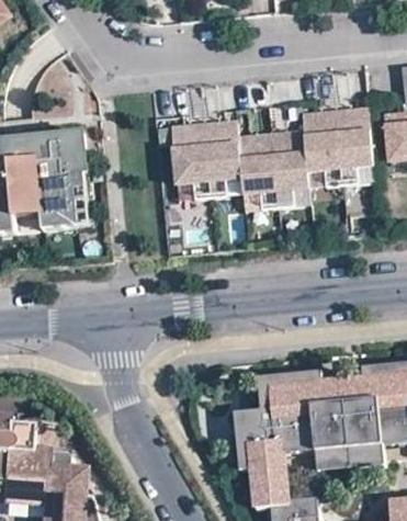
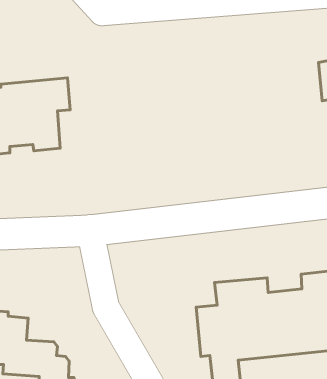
building: [170,109,373,209] -> none

